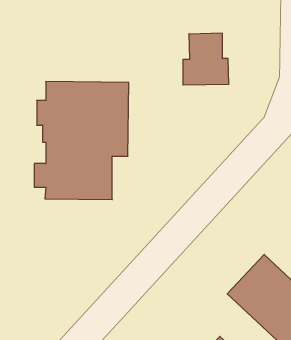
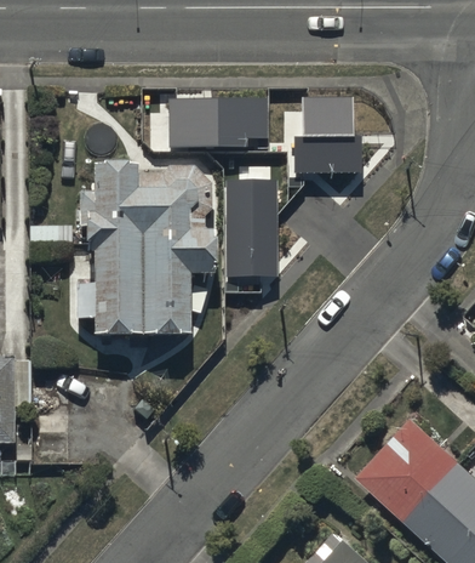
building: none -> [168,93,267,143]
building: none -> [225,177,276,273]

